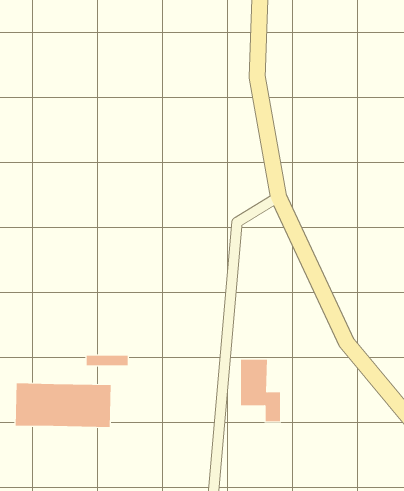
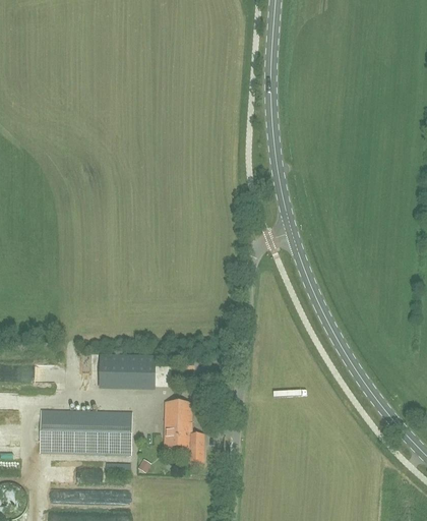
building: none -> [107,363,146,383]
building: [240,359,281,422] -> [166,401,204,461]

